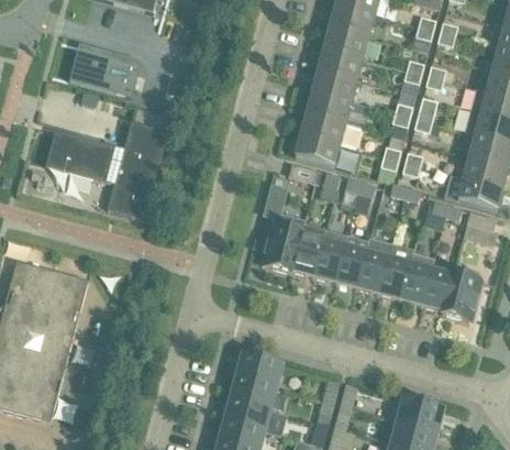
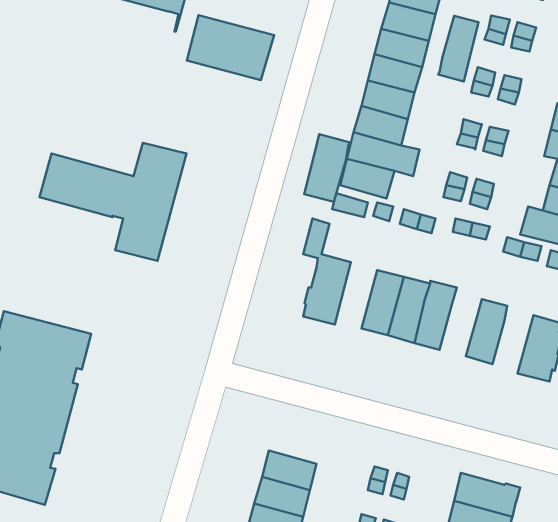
building: none -> [438,16,479,82]
building: [69,44,142,98] -> [187,15,274,80]
building: none -> [304,134,350,202]
building: [290,221,325,276] -> none
building: [377,257,409,299] -> none
building: [421,265,455,314] -> none
building: [235,354,281,388] -> none

